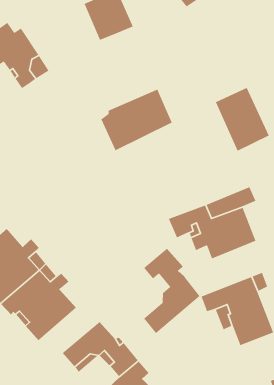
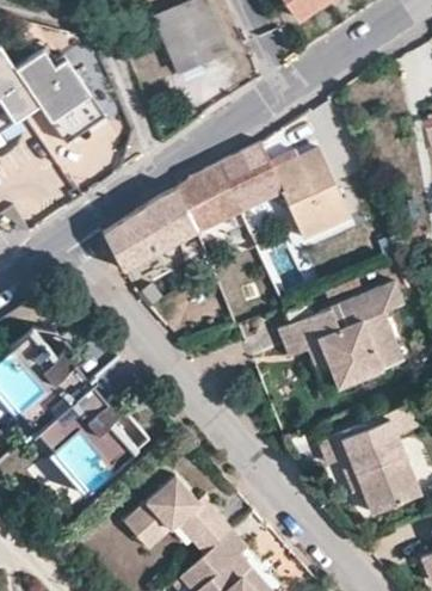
building: [215,87,270,152] -> [273,149,352,242]
building: none -> [101,187,199,270]
building: [143,248,201,334] -> none

